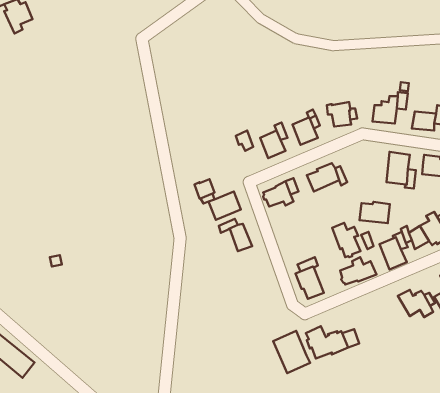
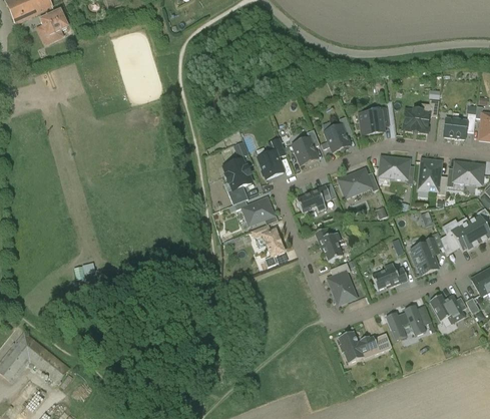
building: none -> [258,150,283,178]
building: none -> [223,159,252,189]
building: [360,202,390,223] -> [379,157,409,178]
building: [332,223,360,257] -> [315,228,343,262]
building: none -> [387,307,426,341]
building: [273,331,310,373] -> none

